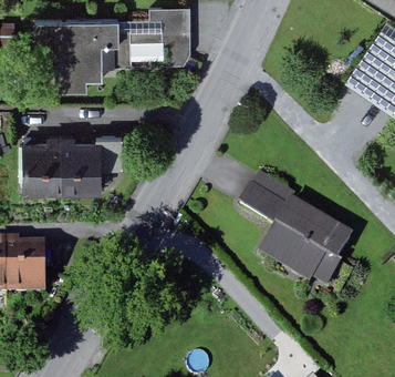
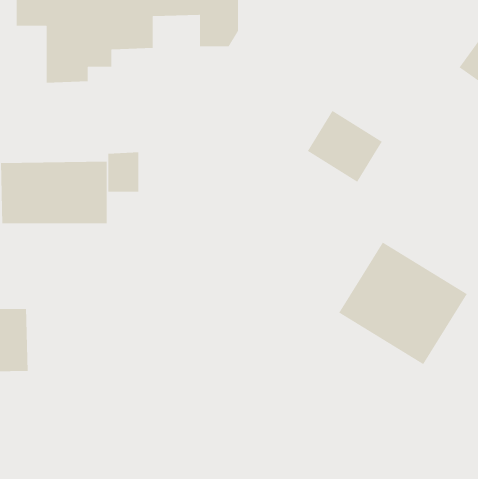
building: [242,173,295,224] -> [307,110,383,183]

